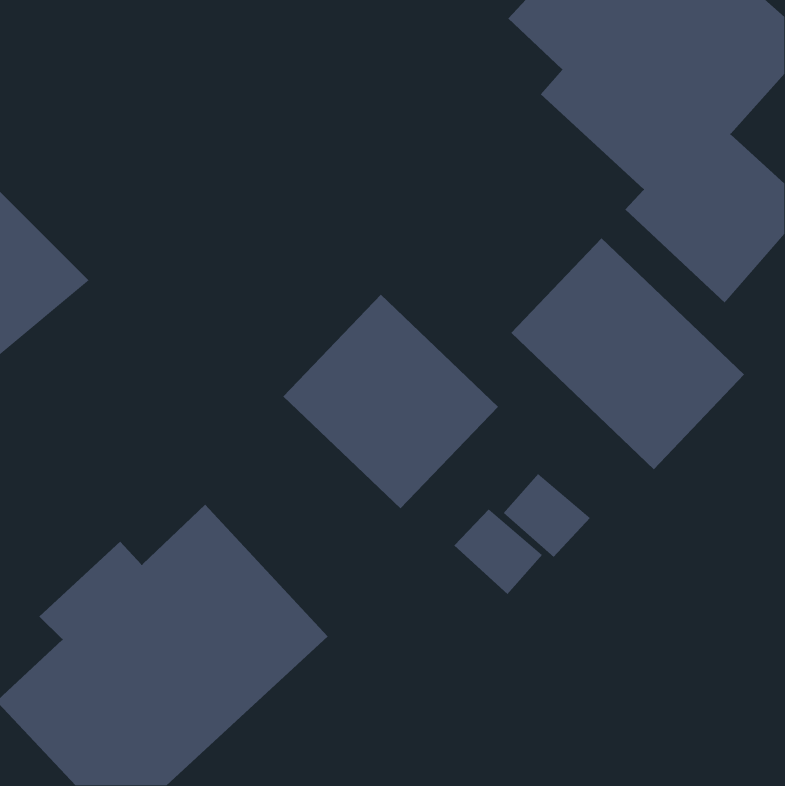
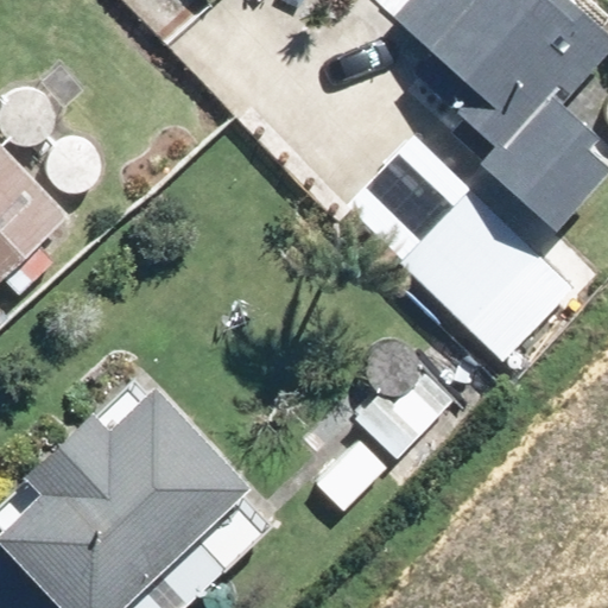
building: [282,294,499,509] -> none

